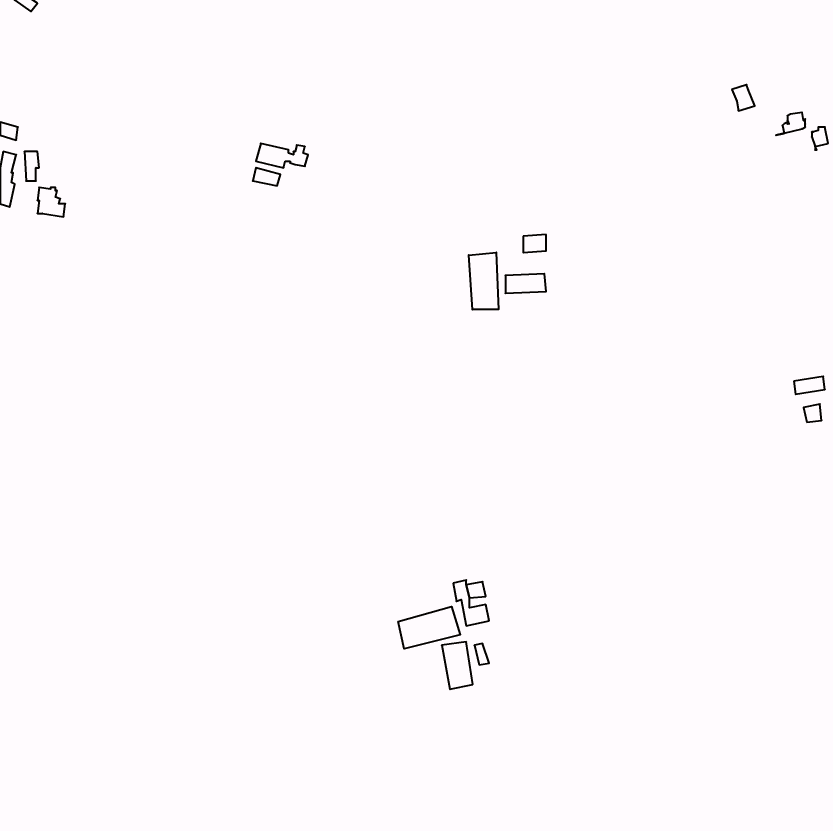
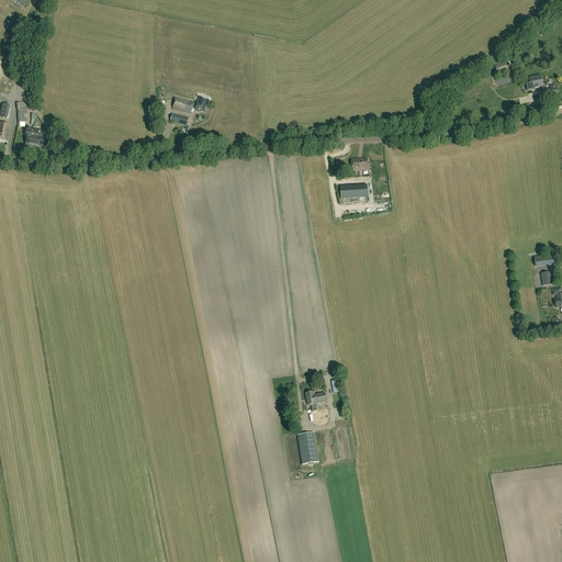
building: [469,252,499,310] -> none
building: [398,607,460,649] -> none

